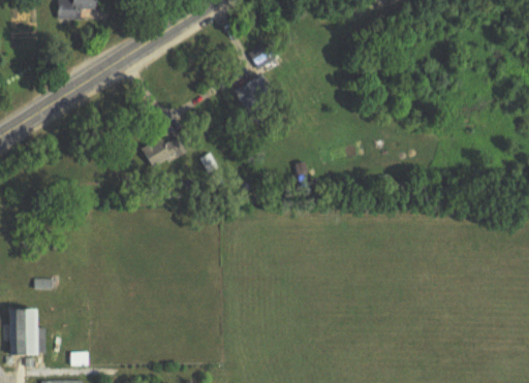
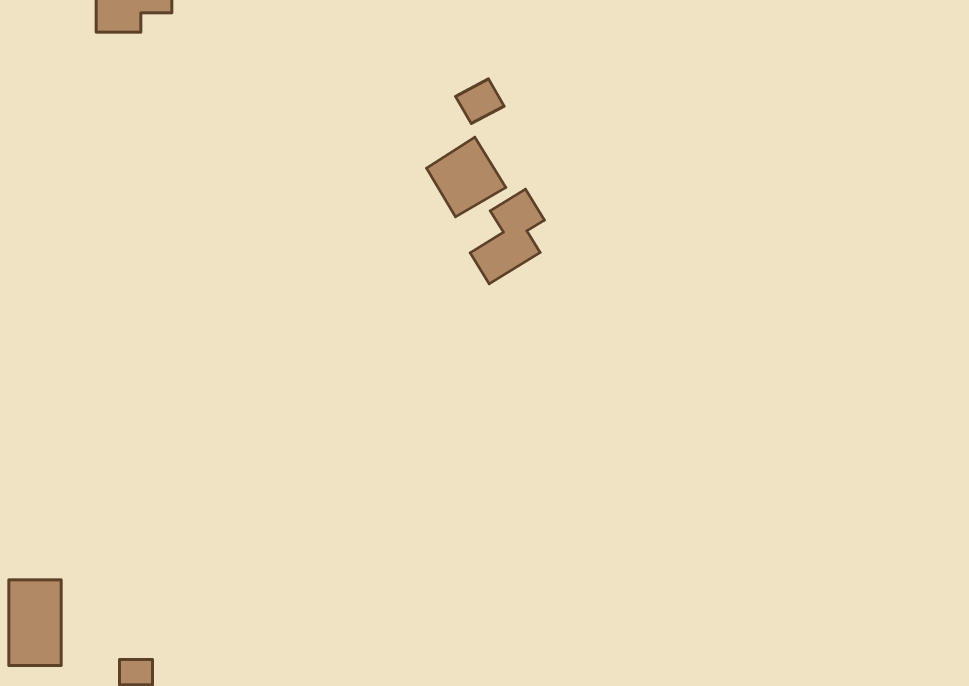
building: none -> [470,189,545,284]
building: [141,137,185,167] -> none

